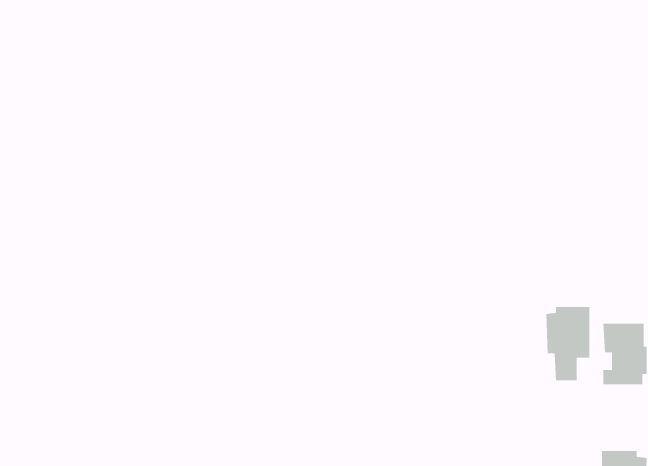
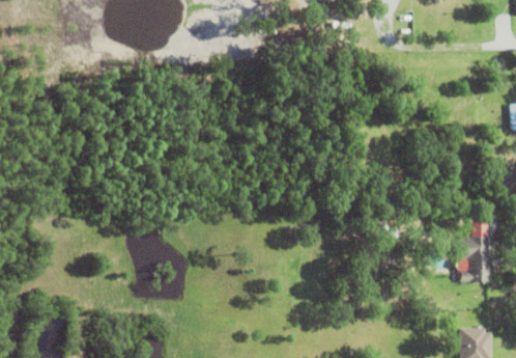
building: [545,306,590,381] -> none

